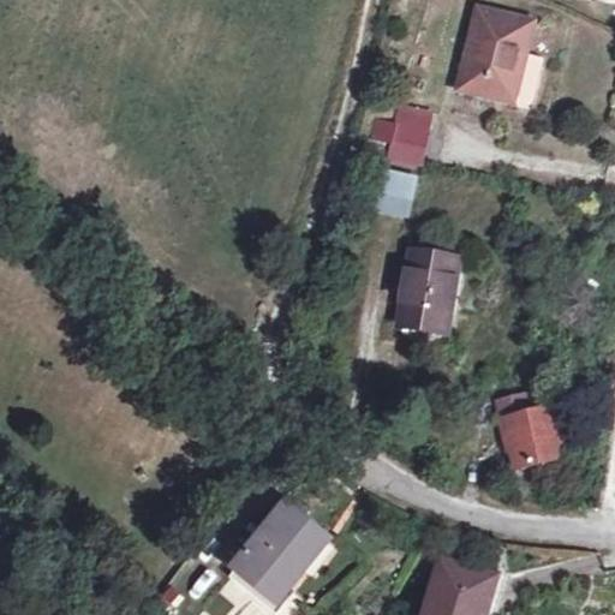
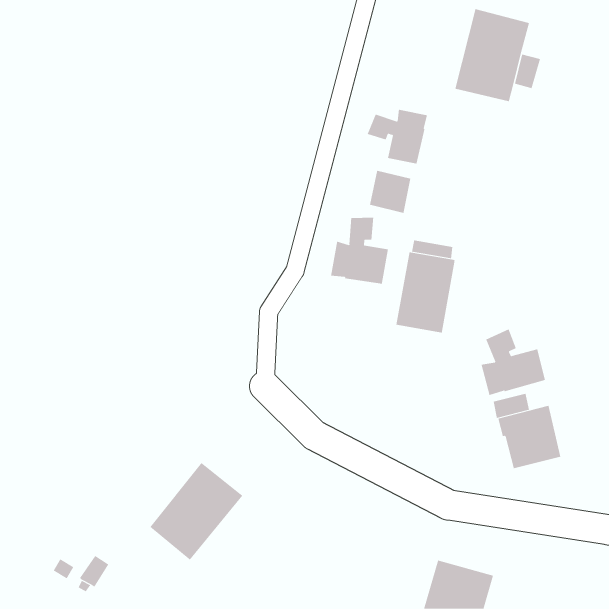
building: none -> [331,217,388,284]
building: none -> [481,328,546,396]
building: [232,503,326,602] -> [149,462,243,560]

